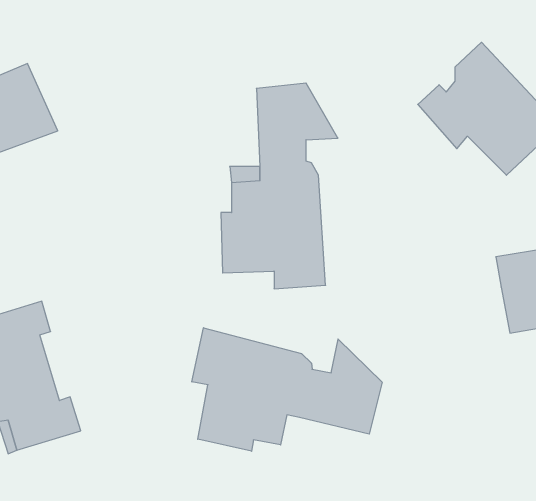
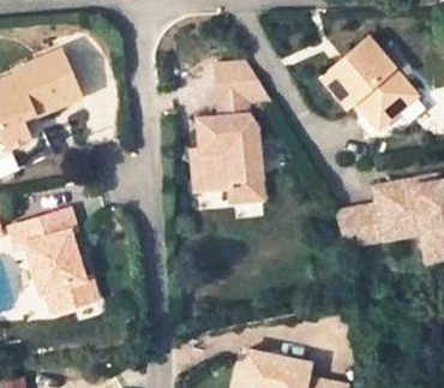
building: none -> [335,203,386,241]
building: [192,328,382,451] -> none

